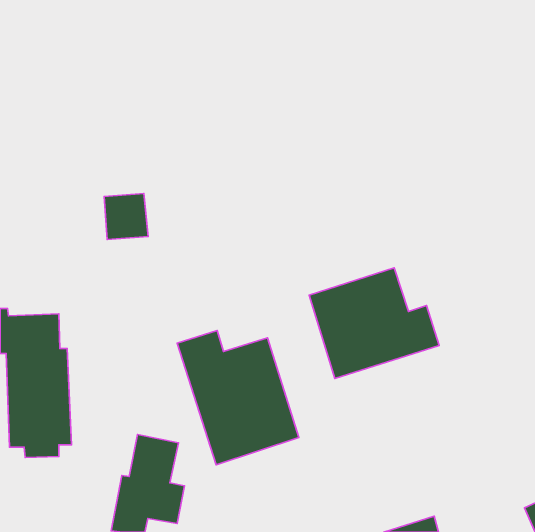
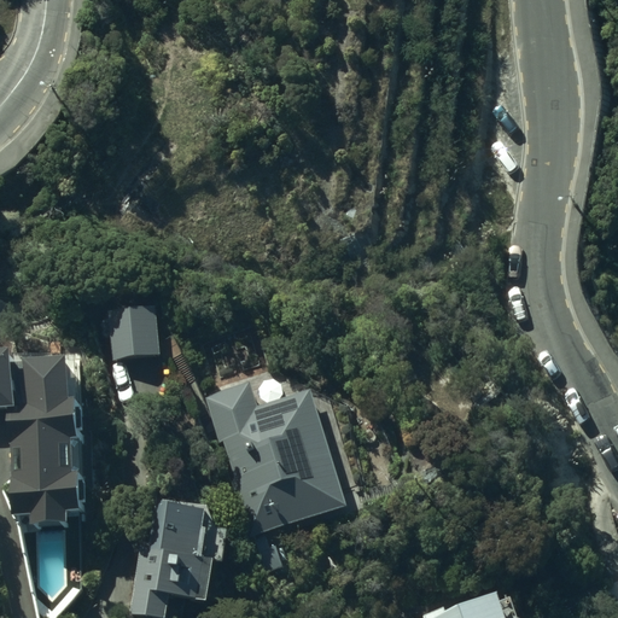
building: [104,193,148,240] -> [110,304,161,357]
building: [309,268,439,379] -> none

